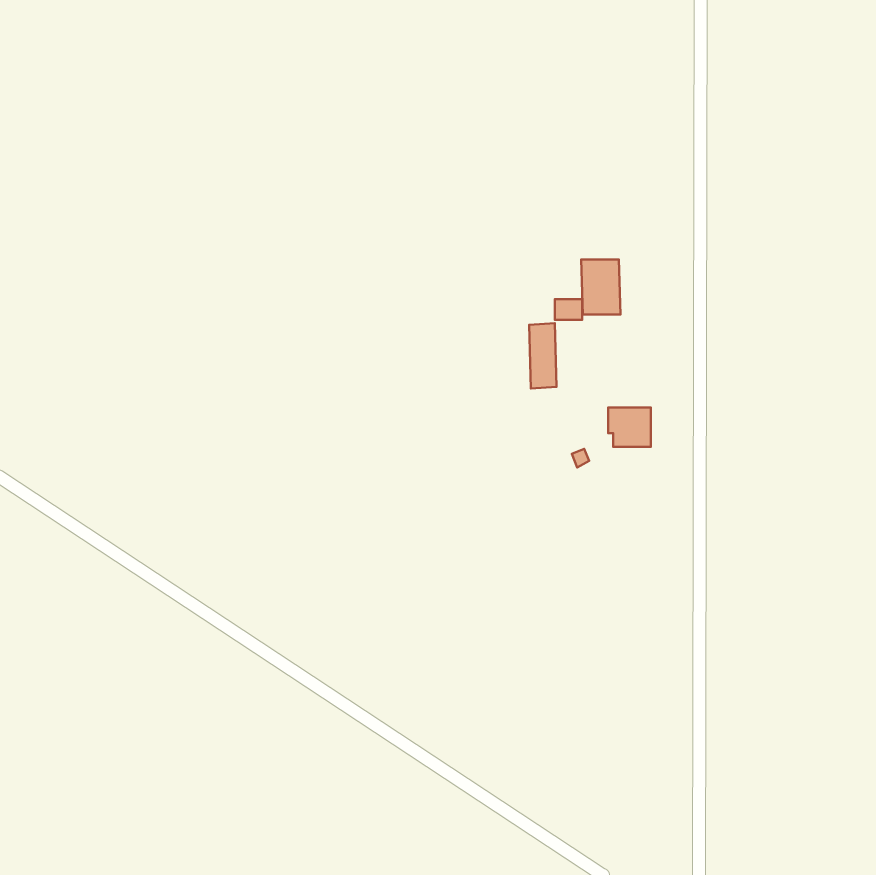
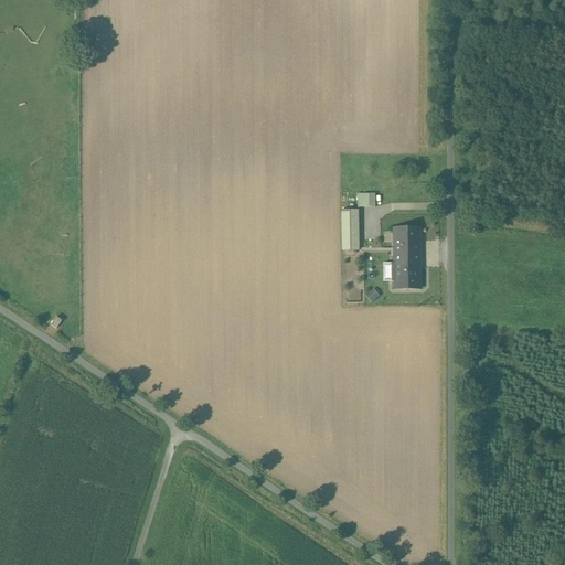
building: [581,260,621,315] -> [393,226,418,262]

